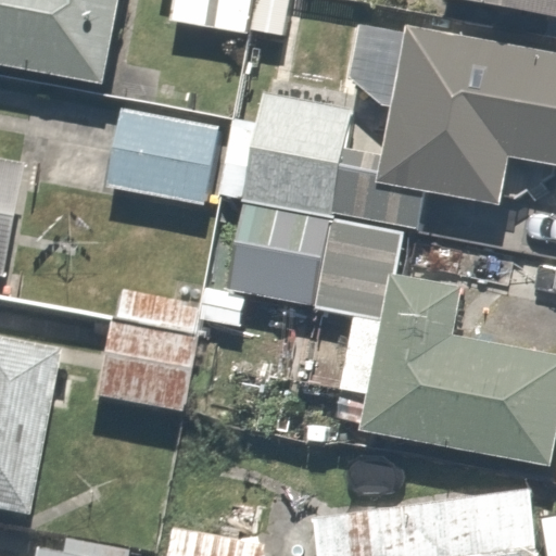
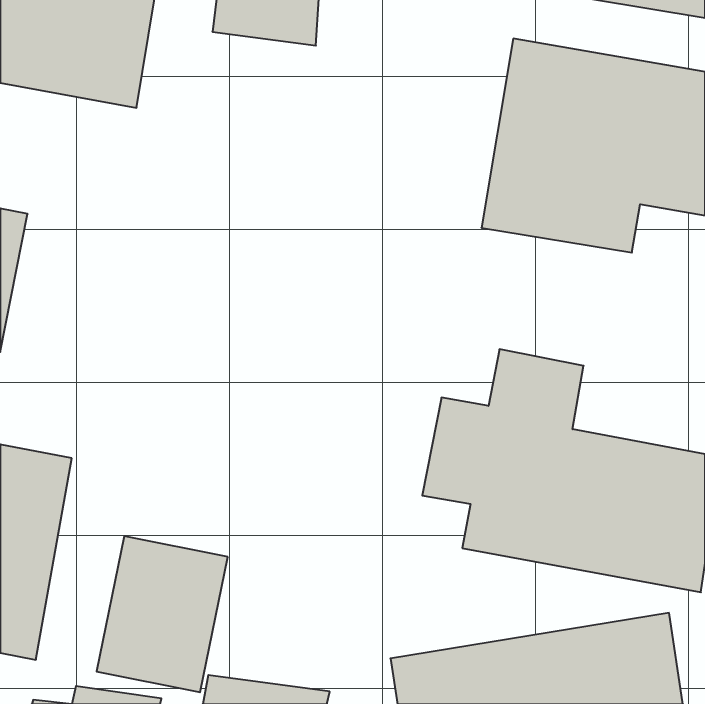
building: [229,91,391,307] -> none
building: [106,111,216,203] -> none
building: [87,294,190,417] -> [97,536,228,692]

